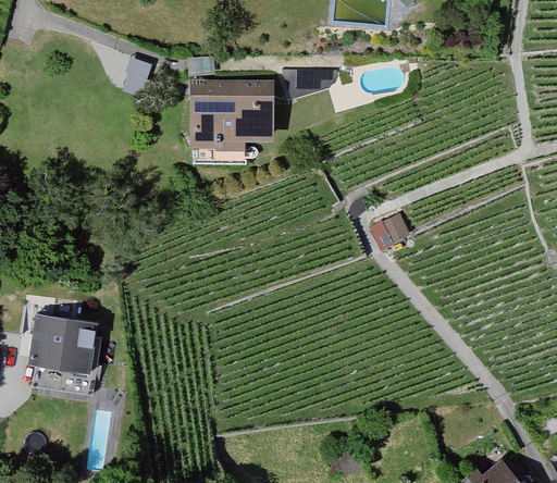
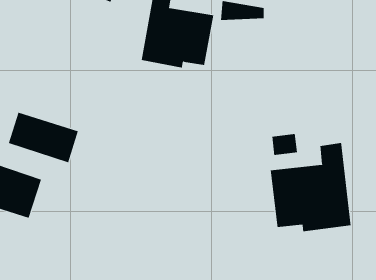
building: none -> [270,142,351,232]
building: none -> [8,112,79,163]

